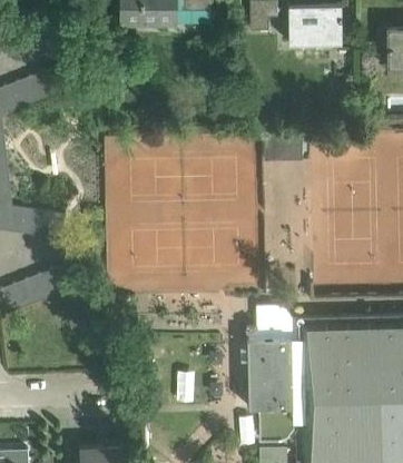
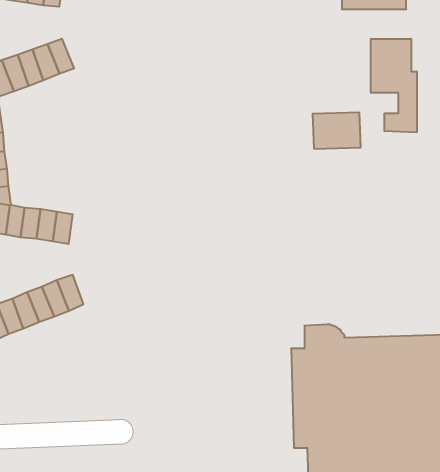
building: none -> [371,39,417,132]

